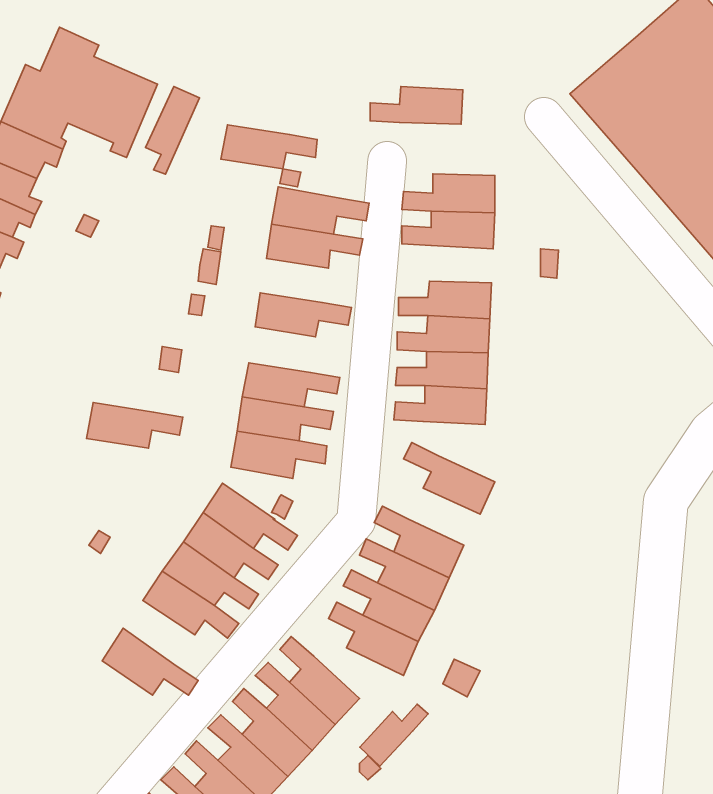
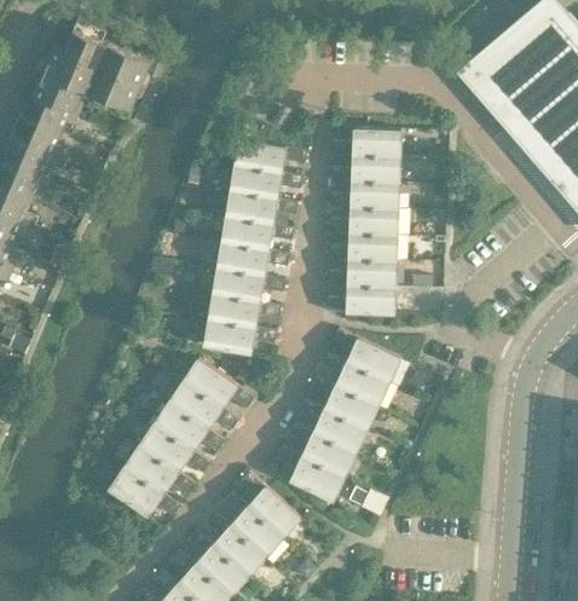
building: [145,86,200,174] -> none
building: [370,87,463,124] -> [330,183,399,210]
building: [221,125,317,169] -> [226,192,297,225]
building: [87,403,183,448] -> [218,243,289,277]
building: none -> [322,353,389,405]
building: none -> [125,446,195,495]
building: [360,704,428,766] -> none

